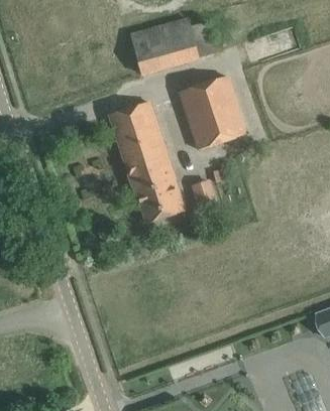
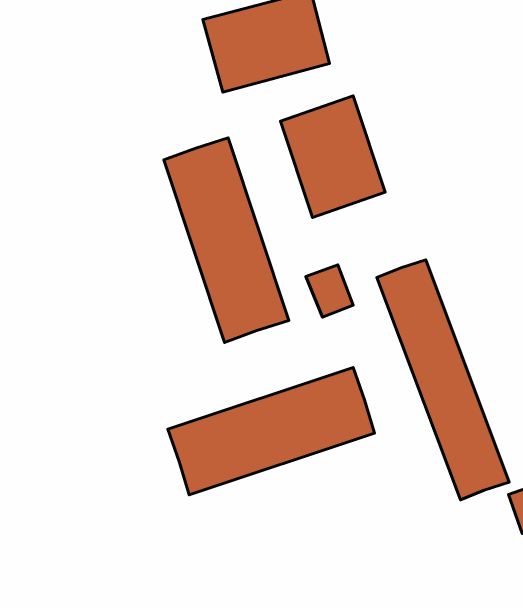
building: none -> [377,260,509,500]
building: none -> [168,368,374,495]

